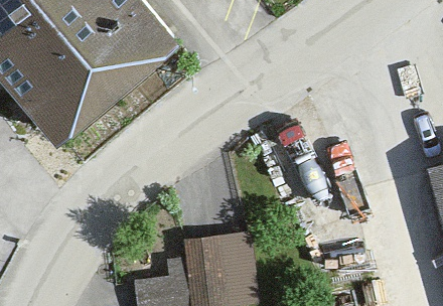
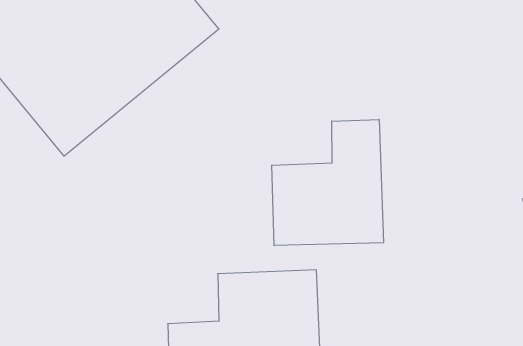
building: none -> [272,119,383,246]

